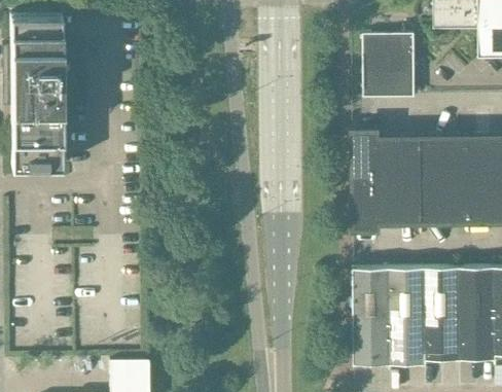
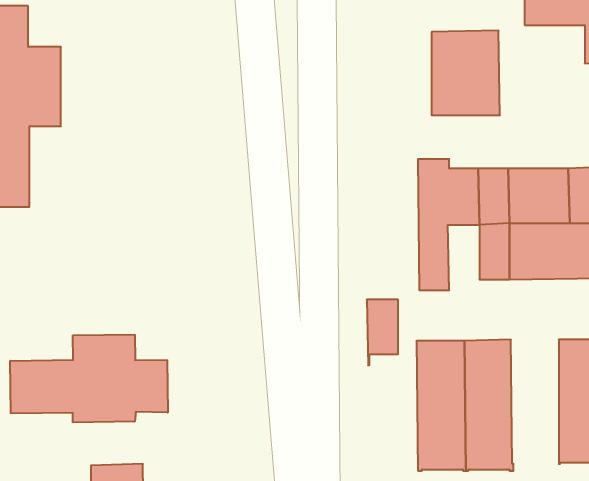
building: [378,181,401,230] -> [367,300,398,365]
building: none -> [10,335,168,422]
building: [425,268,461,361] -> none

